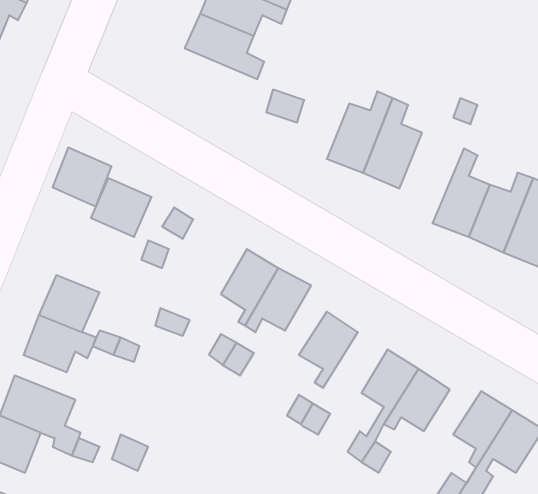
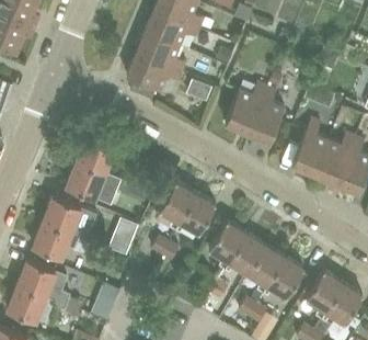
building: none -> [126,54,181,90]
building: [53,147,112,206] -> [66,161,103,199]
building: none -> [222,234,263,272]

